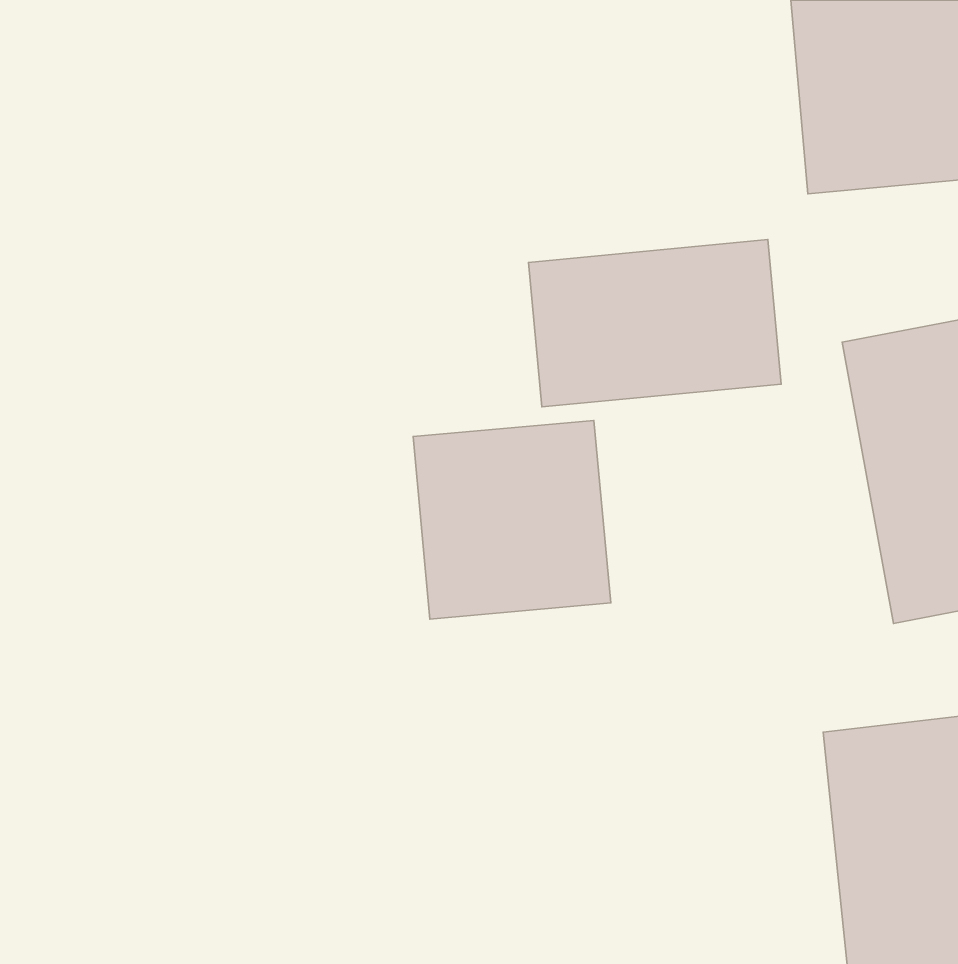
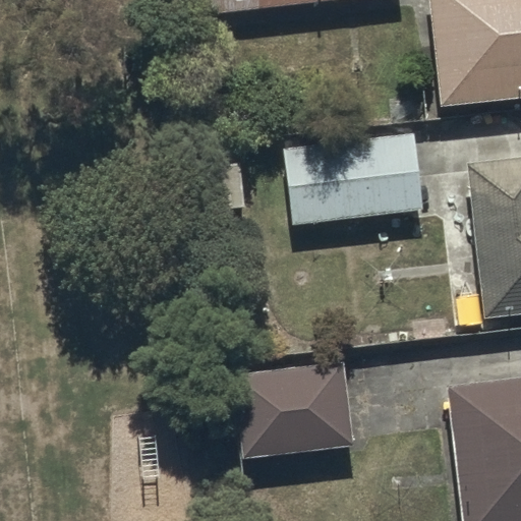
building: [413,420,611,619] -> none
building: none -> [241,357,358,453]

